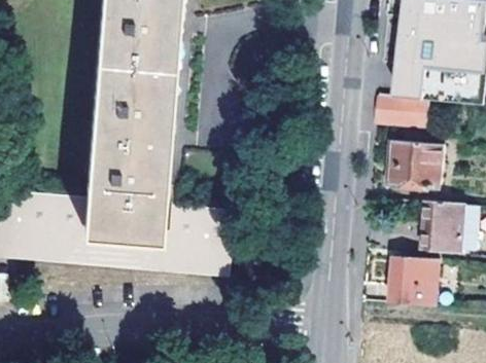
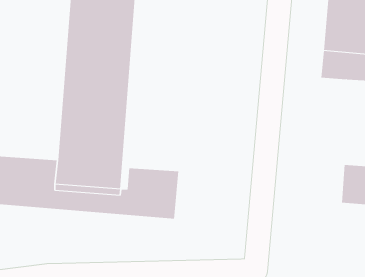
building: [379,96,433,126] -> none
building: [395,141,448,186] -> none
building: [396,257,443,308] -> none

